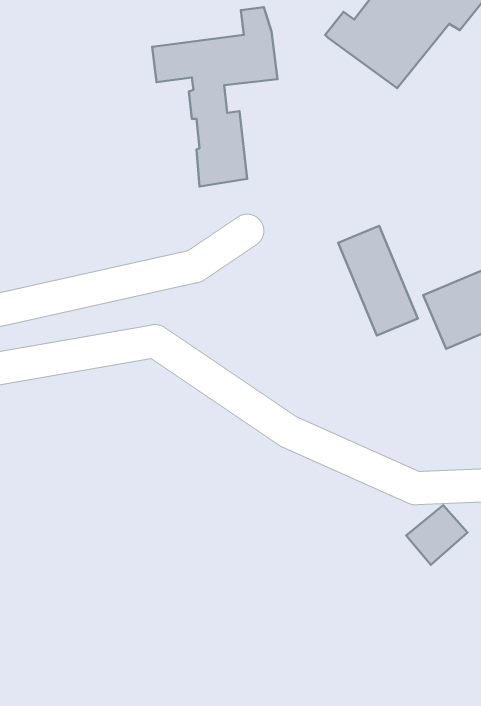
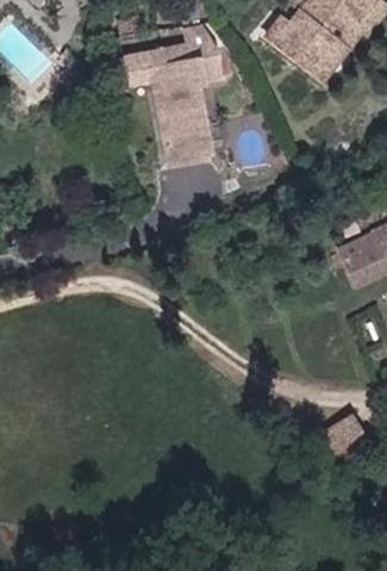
building: [338,226,418,335] -> none

